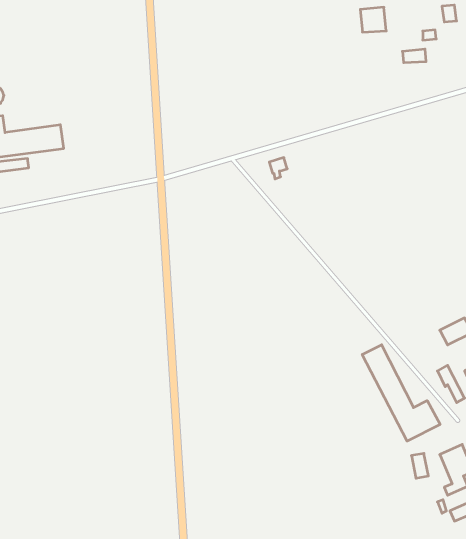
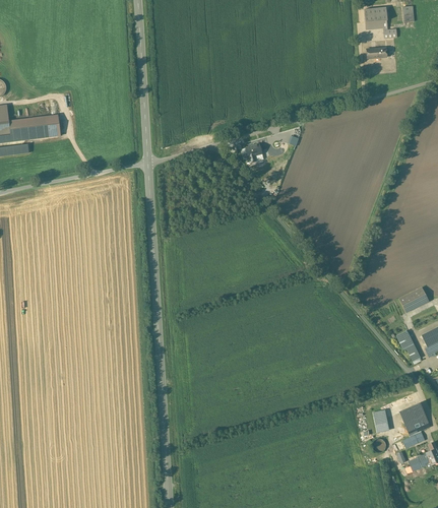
building: [360,7,386,32] -> [363,6,386,28]
building: [362,345,440,441] -> none

